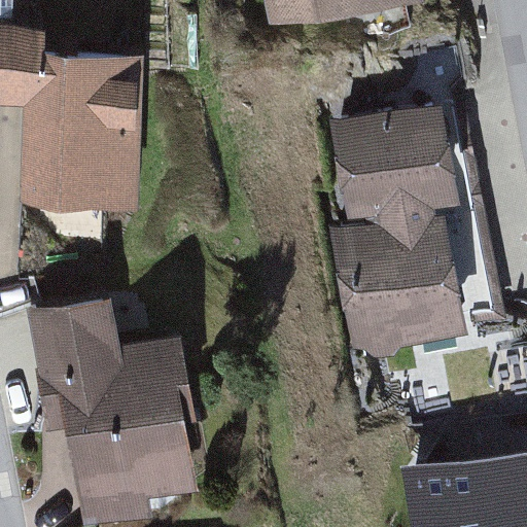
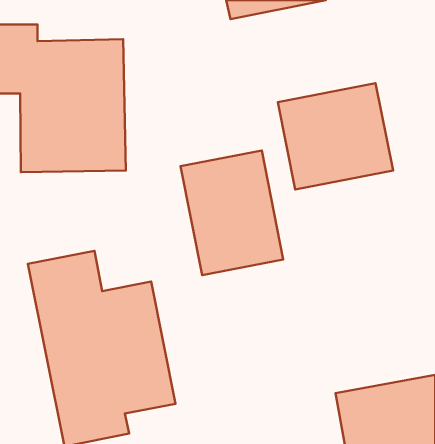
building: none -> [181,150,283,275]
building: [322,211,478,361] -> none

